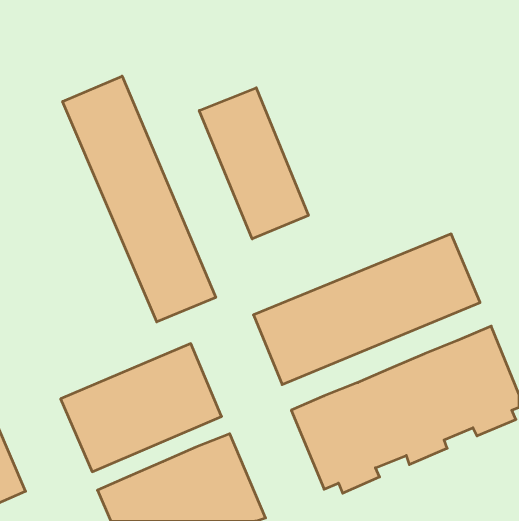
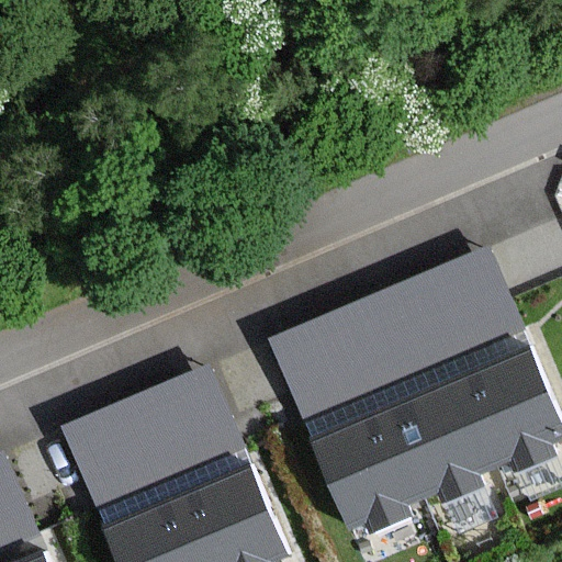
building: [63,76,216,322] -> none
building: [199,88,308,239] -> none

